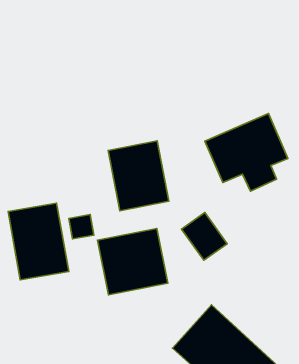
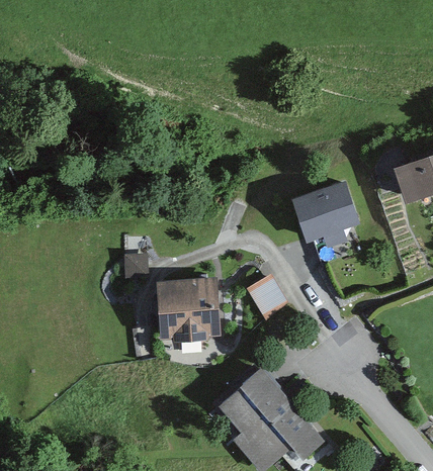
building: [108,141,169,211] -> none
building: [8,203,69,280] -> none

